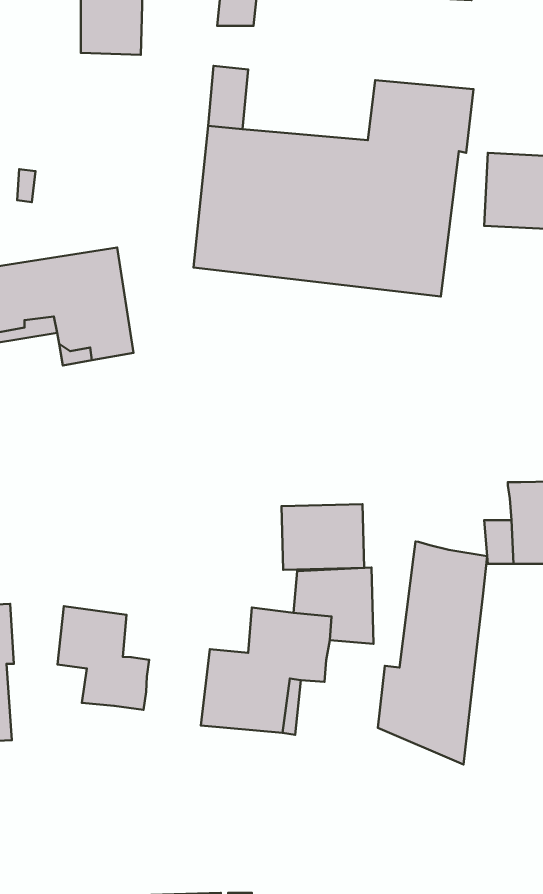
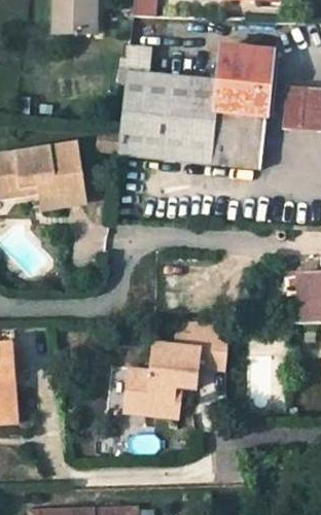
building: [282,504,364,570] -> none
building: [378,541,487,765] -> none
building: [57,606,149,710] -> none

